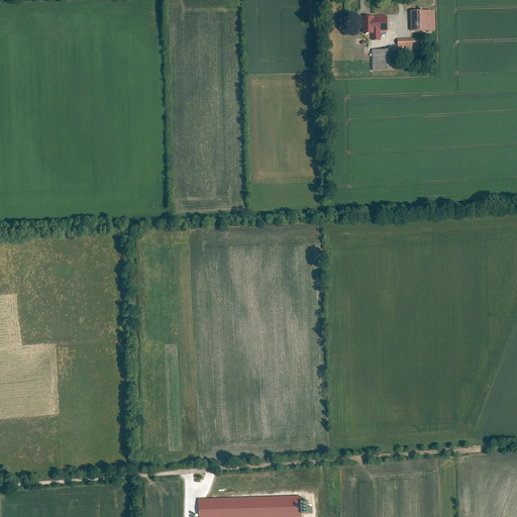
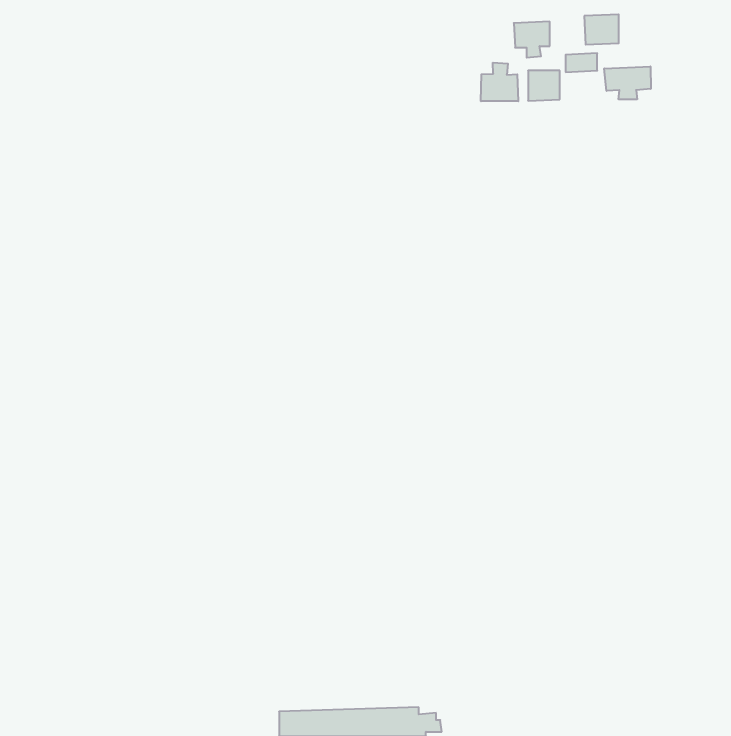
building: none -> [481,63,518,101]
building: none -> [604,66,651,99]

